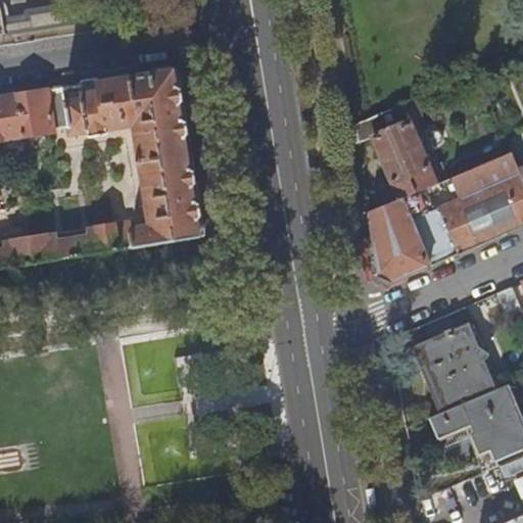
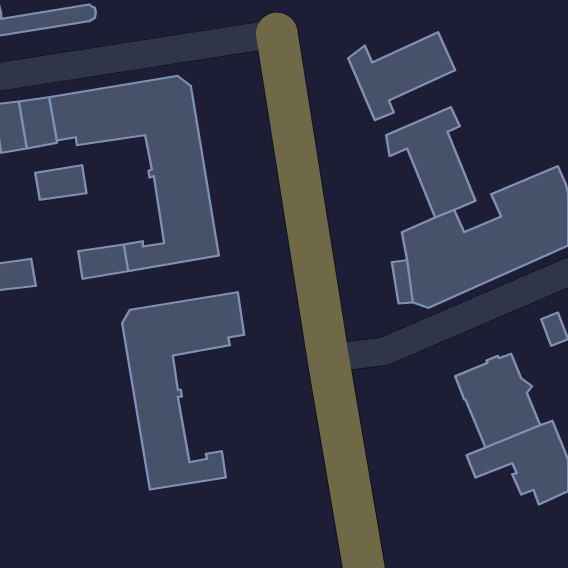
building: none -> [348,32,455,120]
building: [29,230,76,262] -> [35,165,87,200]
building: none -> [122,292,244,489]

